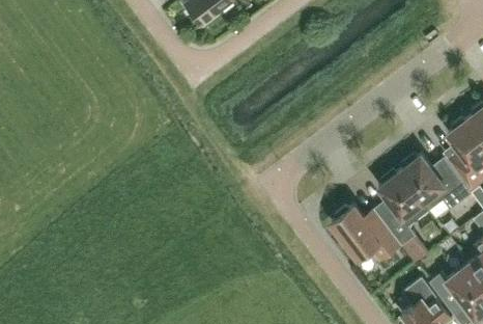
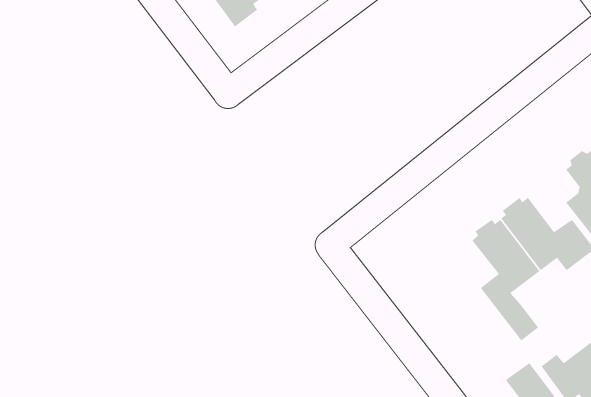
building: [332,204,402,260] -> none

